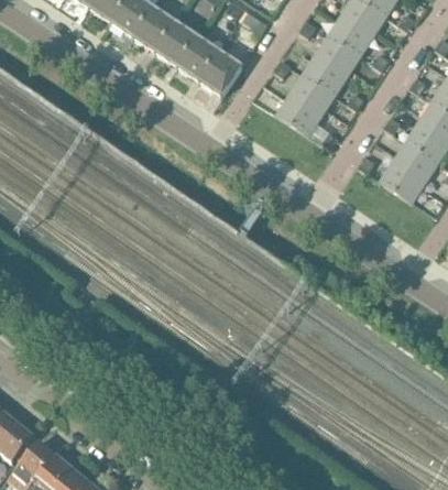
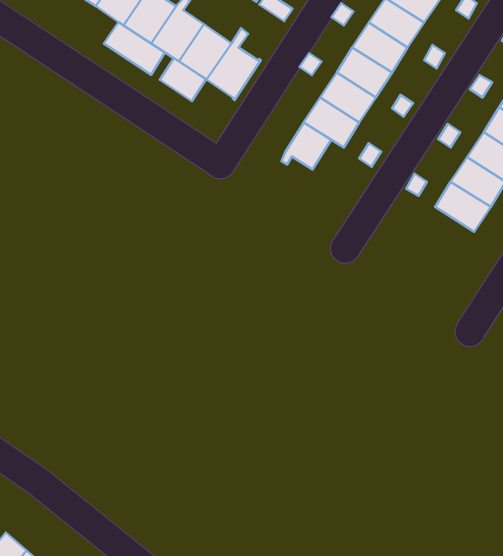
building: none -> [104,22,165,75]
building: none -> [160,58,206,101]
building: none -> [281,122,331,169]

